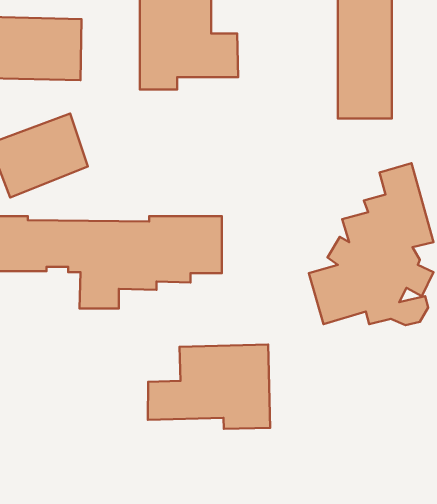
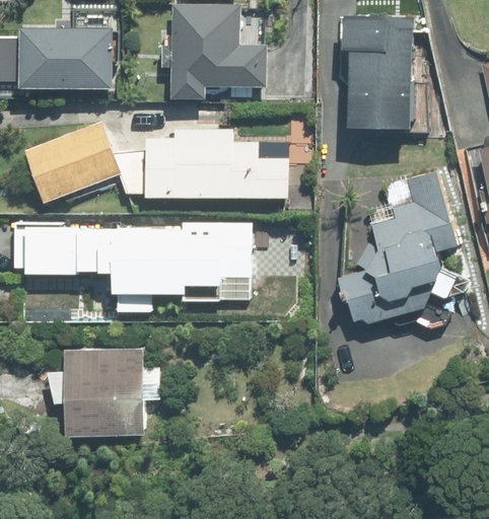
building: none -> [119,127,288,198]
building: [148,345,270,429] -> none
building: none -> [64,348,144,436]

